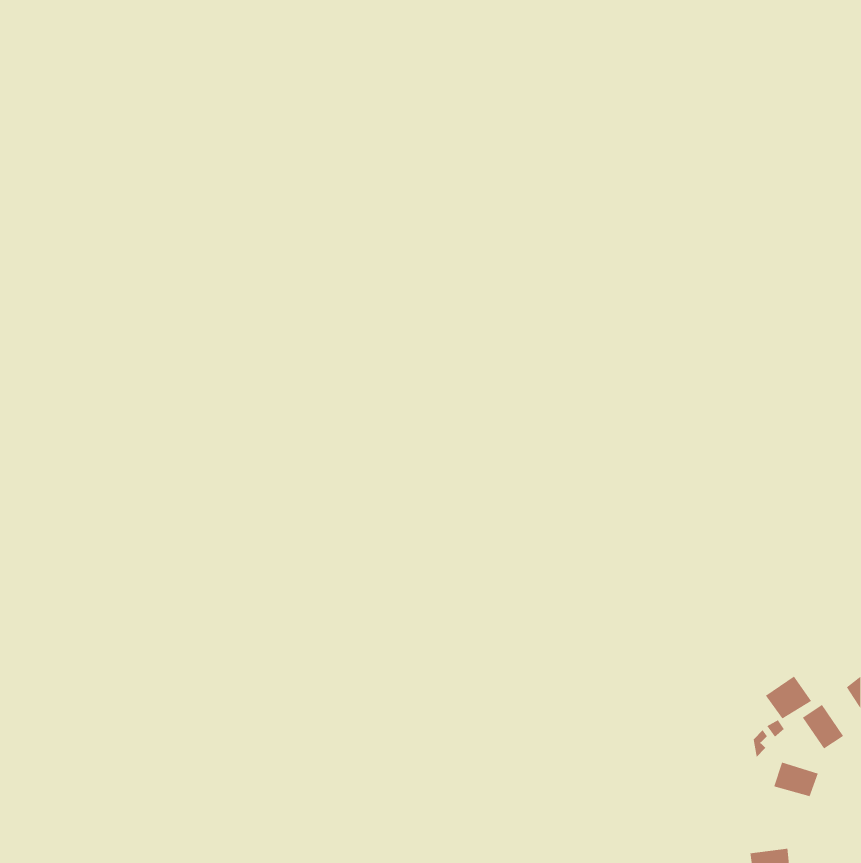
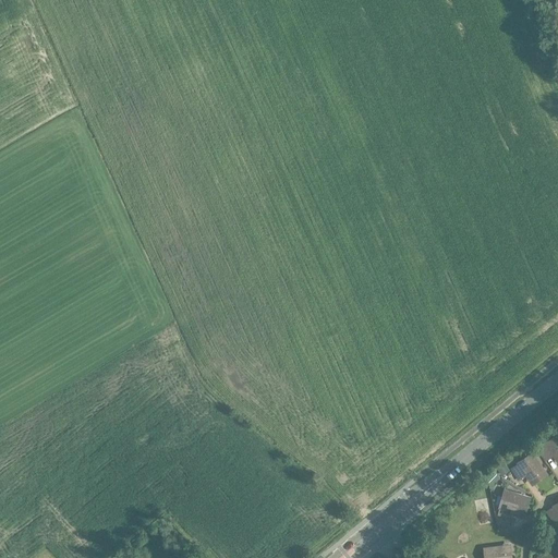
building: [765,675,812,719] -> none

